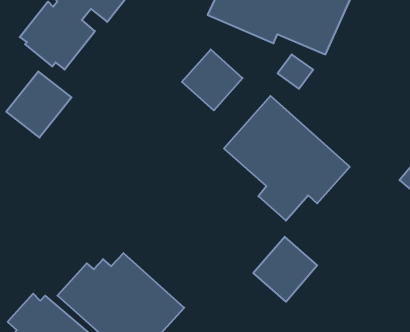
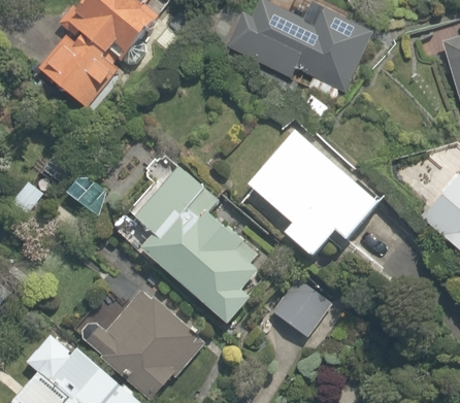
building: [182,49,243,110] -> none
building: [6,71,72,138] -> none
building: none -> [117,163,258,323]

